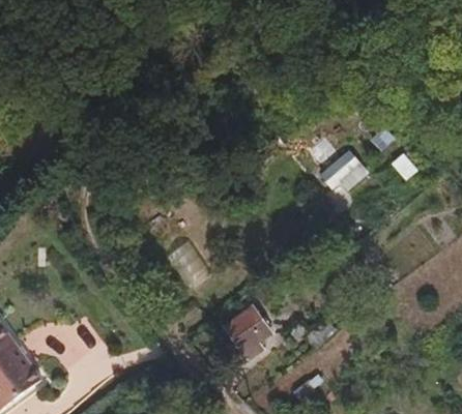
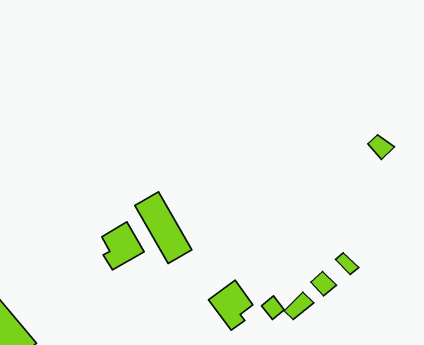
building: [319,151,367,189] -> none
building: none -> [102,222,144,270]

